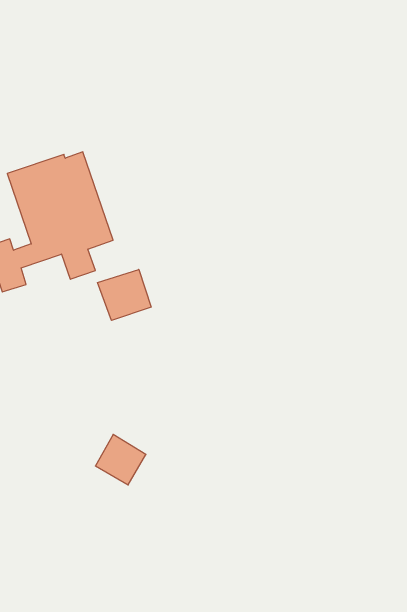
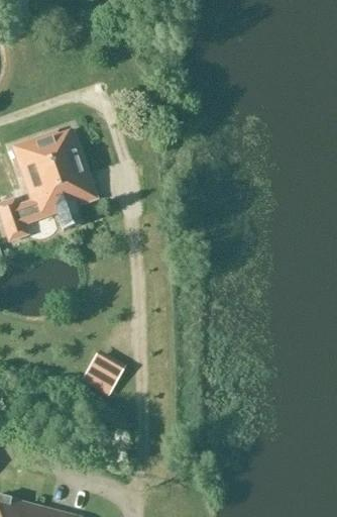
building: [98,269,151,320] -> none

